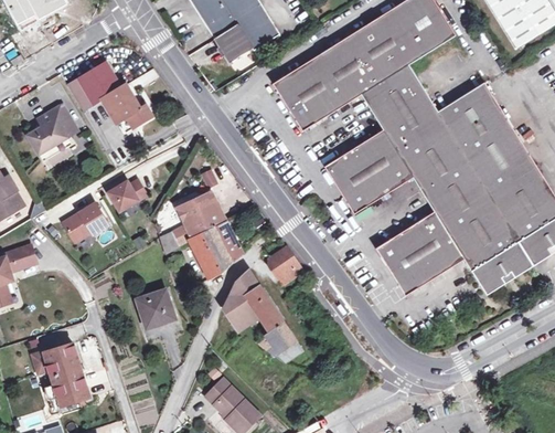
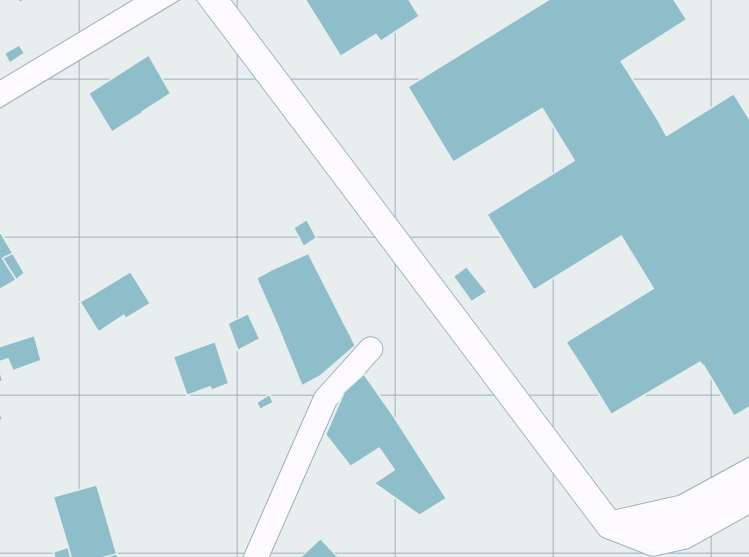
building: [100,82,151,133] -> none
building: [29,104,76,163] -> none
building: [106,179,145,211] -> none
building: [267,247,300,283] -> none
building: [136,289,172,325] -> [173,342,229,395]

